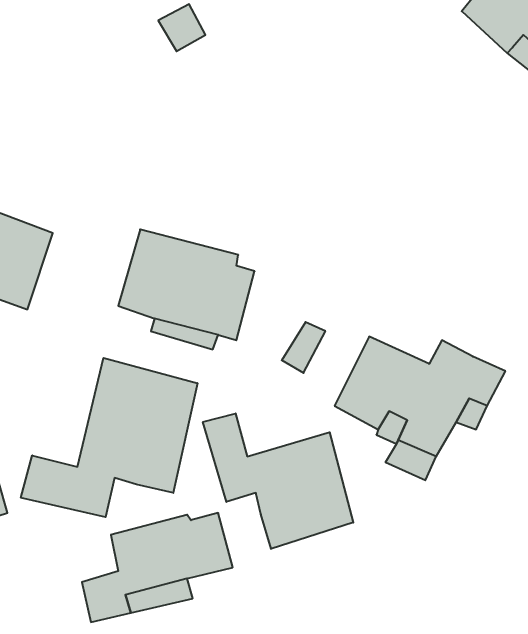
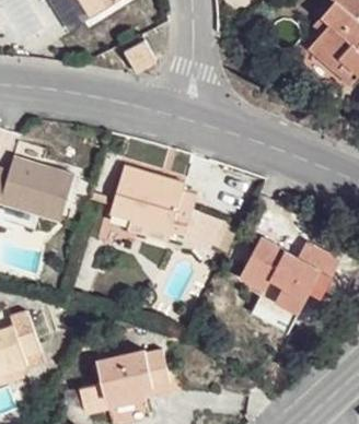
building: [21,358,197,517] -> none
building: [203,413,353,549] -> none

